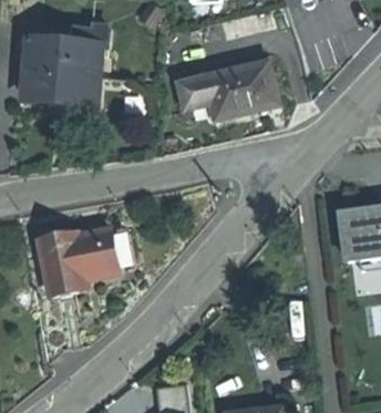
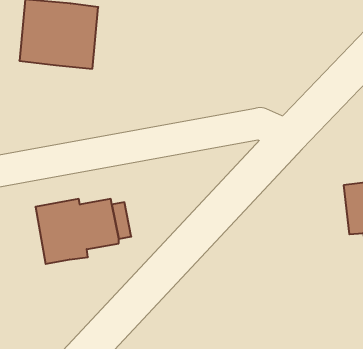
building: [169,58,277,118] -> none

